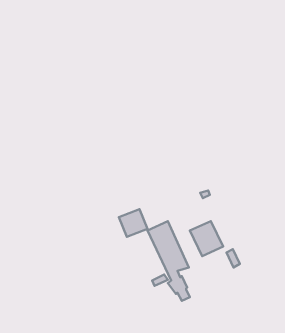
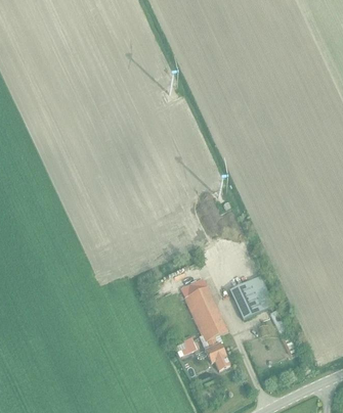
building: [119,209,147,237] -> none

